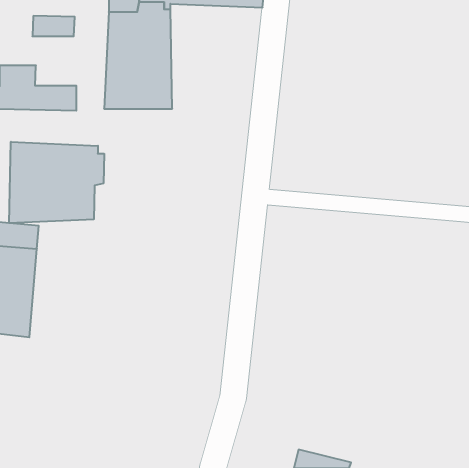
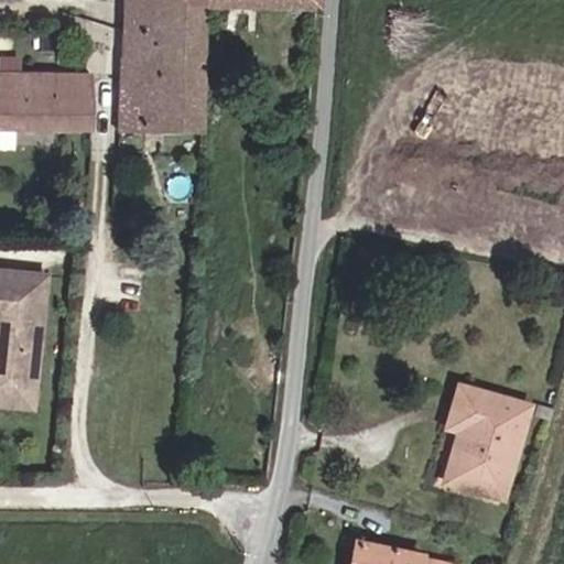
building: [32,16,75,36] -> [42,78,93,102]
building: [9,142,104,223] -> none
building: none -> [442,383,528,497]

